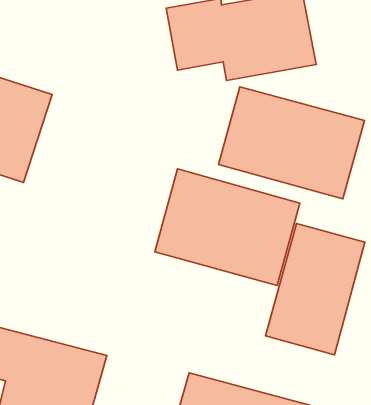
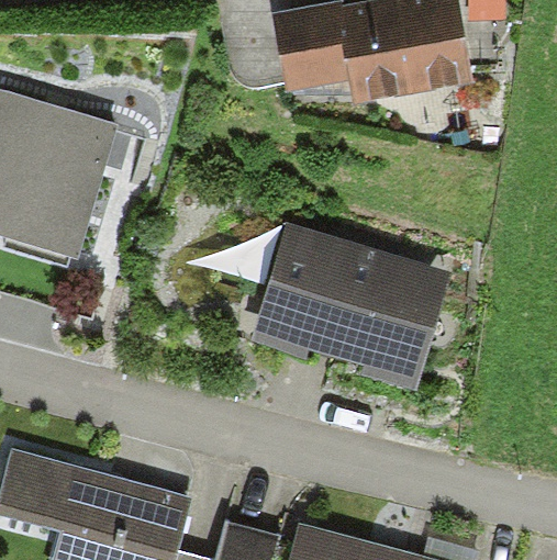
building: [219,87,364,199] -> none
building: [266,224,365,355] -> none

